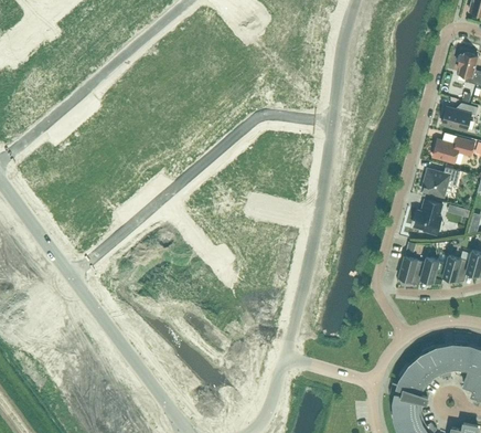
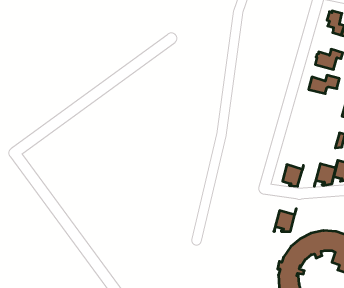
building: [423,168,460,196] -> none
building: [413,201,442,235] -> none
building: [418,255,448,285] -> [274,209,296,231]

